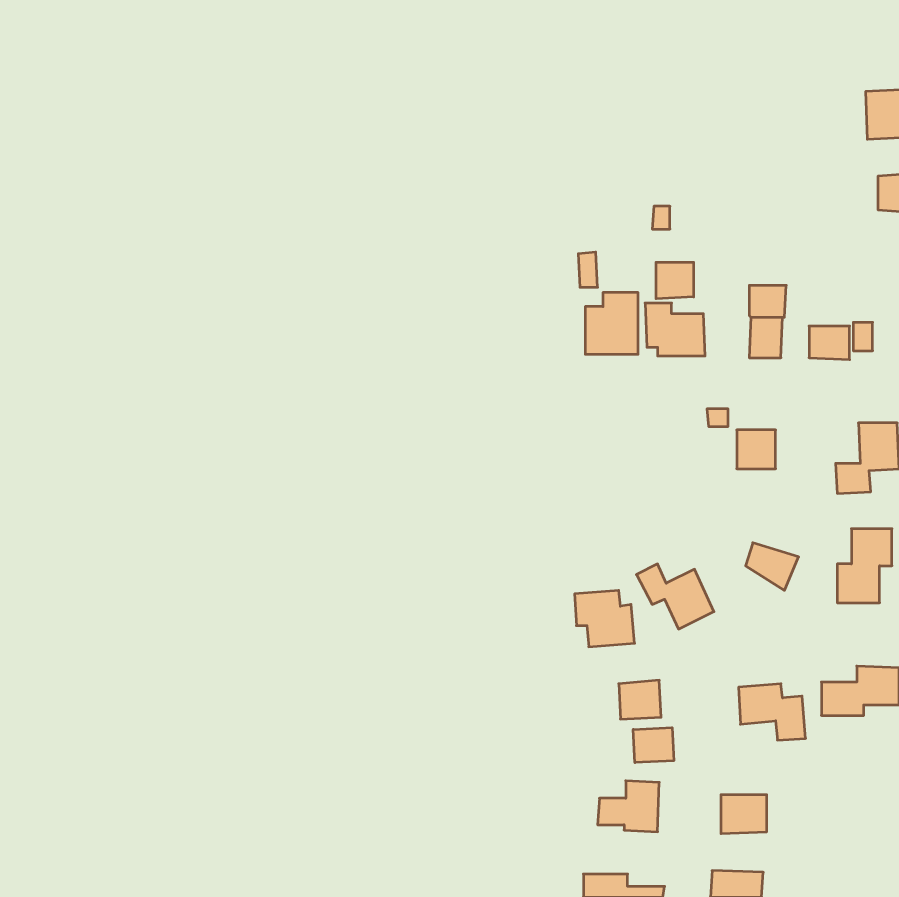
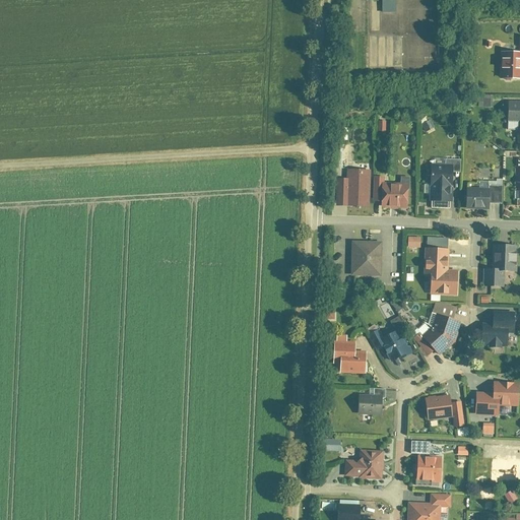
building: [656,262,694,299] -> none
building: none -> [351,240,383,275]
building: none -> [426,270,457,294]
building: none -> [419,326,453,354]
building: [633,728,674,763] -> none

